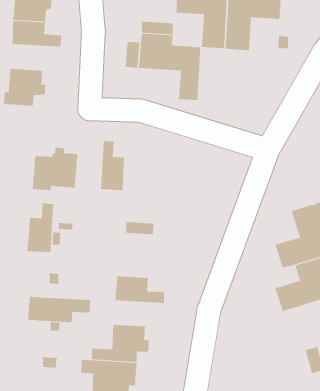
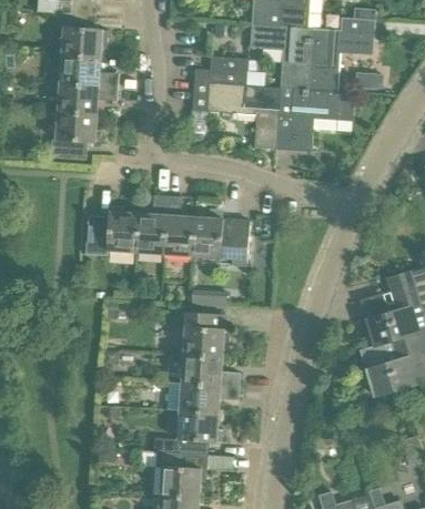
building: none -> [57,83,117,114]
building: none -> [276,86,354,151]
building: none -> [189,211,247,264]
building: [26,203,54,252] -> [133,194,165,252]
building: none -> [176,311,226,355]
building: [27,296,91,323] -> [163,380,237,411]

